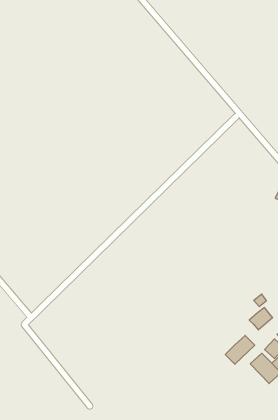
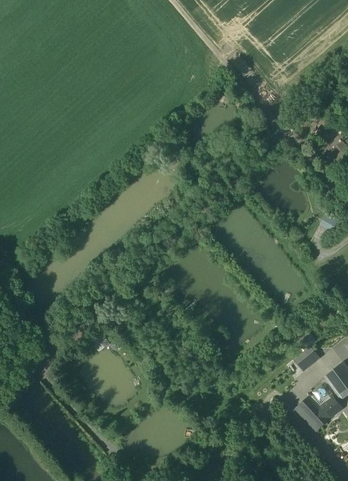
building: [225,335,255,364] -> none

